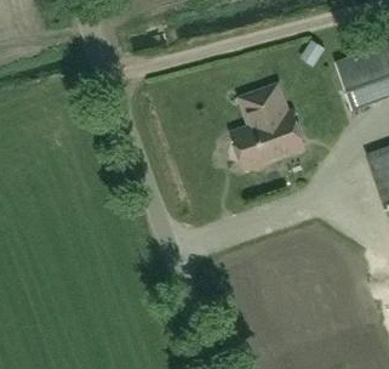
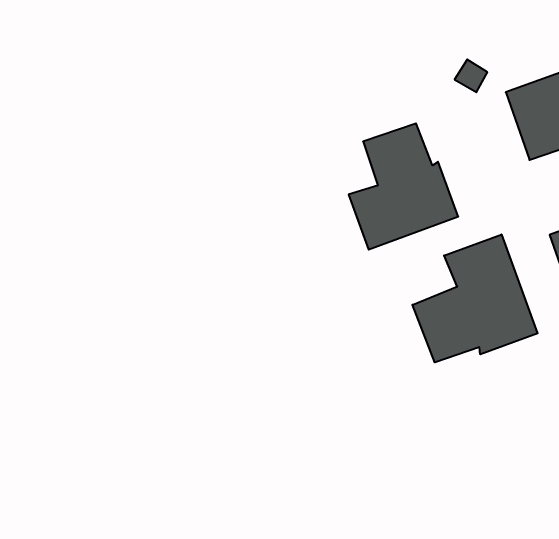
building: none -> [412,234,538,362]

